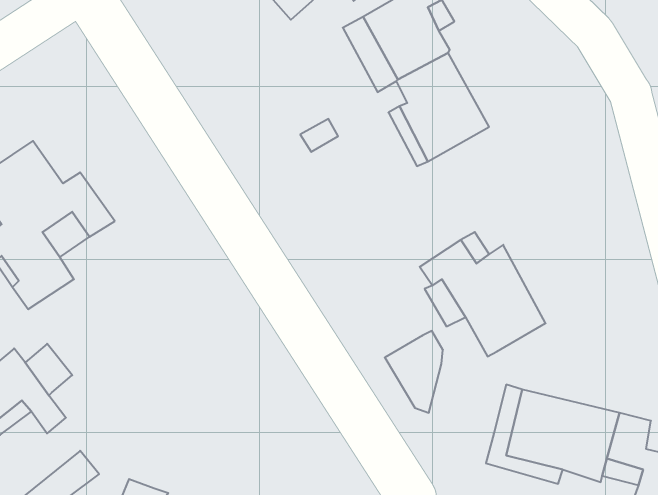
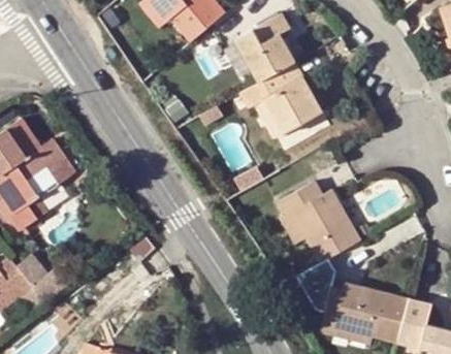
building: [385,331,443,413] -> [296,258,334,312]

